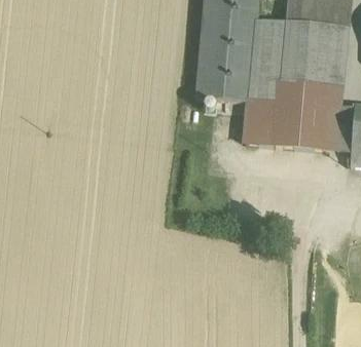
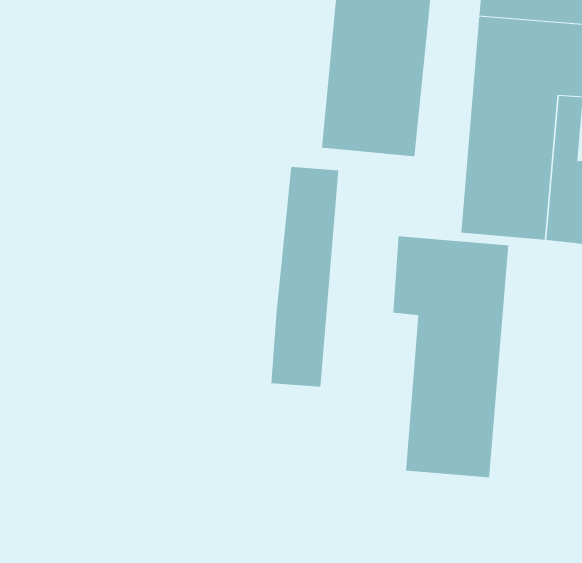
building: [246,20,285,145] -> [270,167,339,387]
building: none -> [393,235,509,478]

